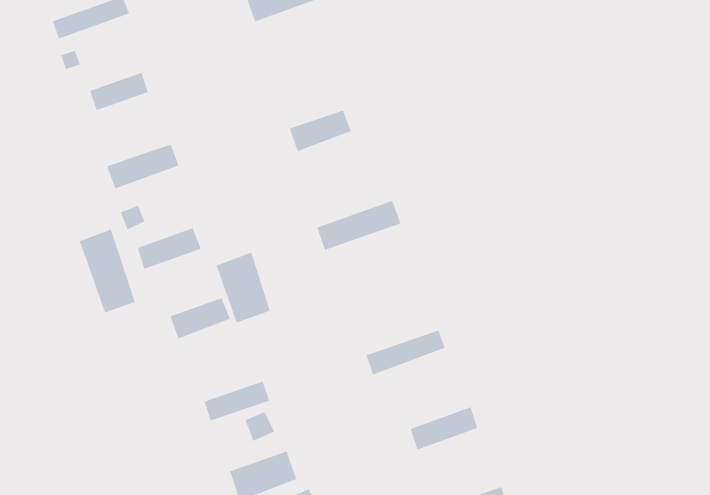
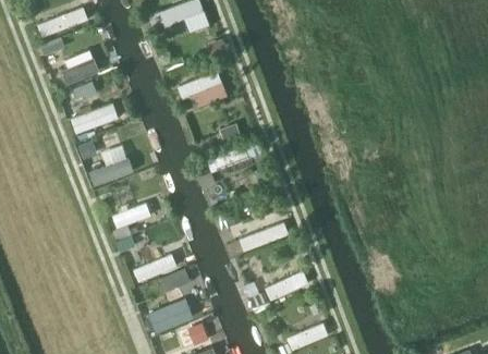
building: [79,229,136,314] -> none
building: [215,252,271,324] -> none

